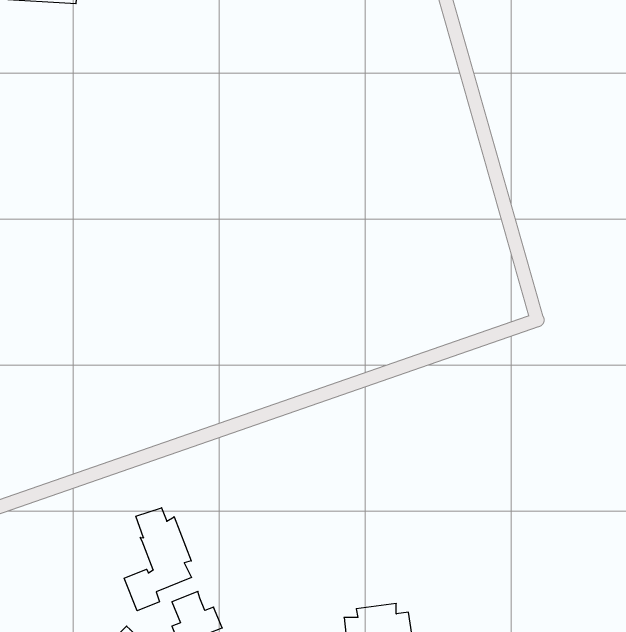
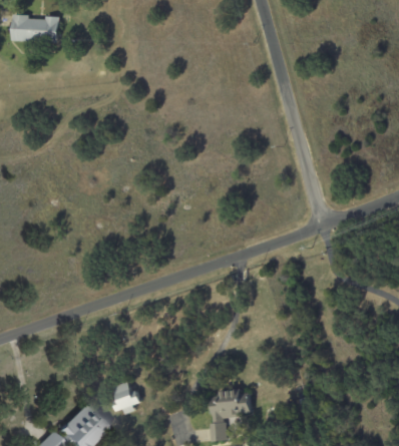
building: [124,508,192,611] -> none

